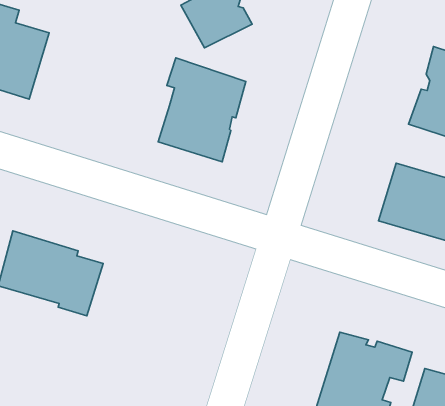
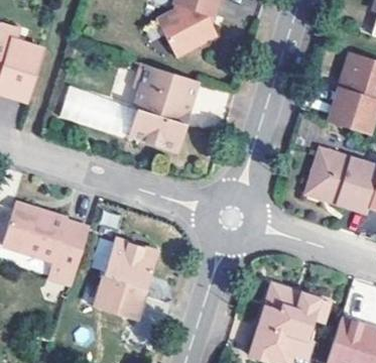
building: none -> [53,81,139,136]
building: none -> [90,240,157,320]

